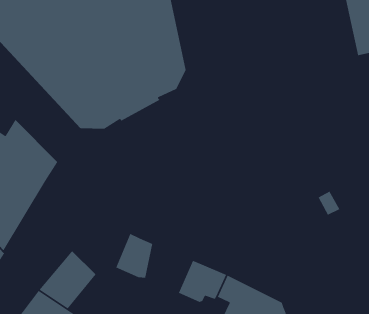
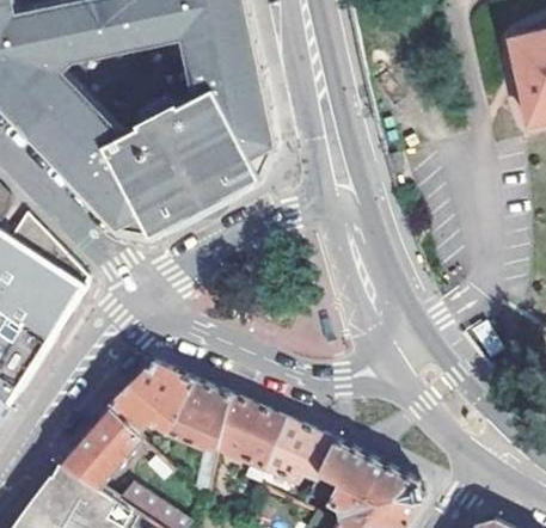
building: none -> [106,364,191,443]
building: none -> [215,398,283,486]

